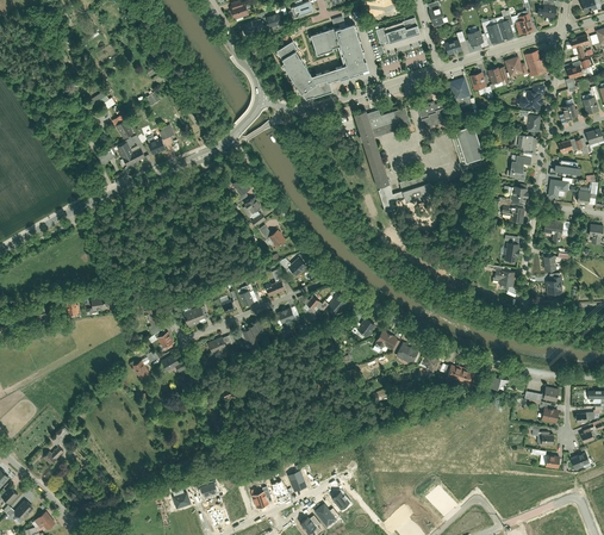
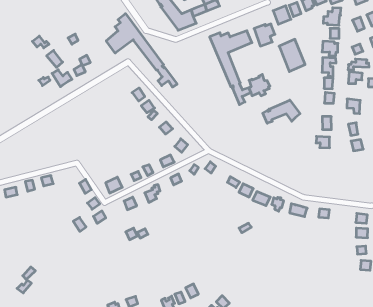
building: none -> [106,14,177,87]
building: none -> [263,100,300,123]

